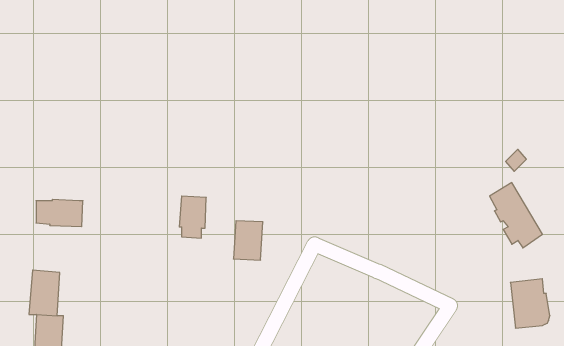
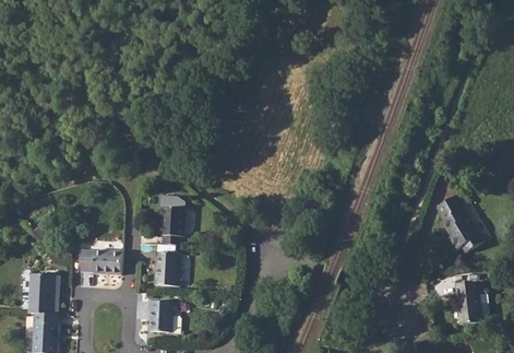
building: [36,199,83,227] -> [83,247,124,271]
building: [233,221,263,260] -> [156,249,182,284]
building: none -> [151,298,175,330]

